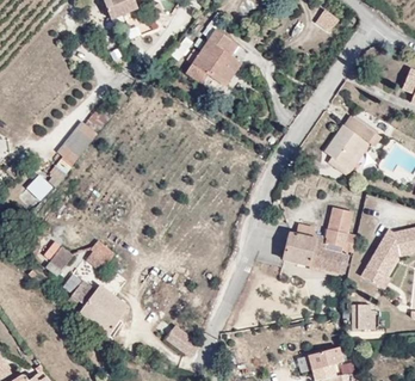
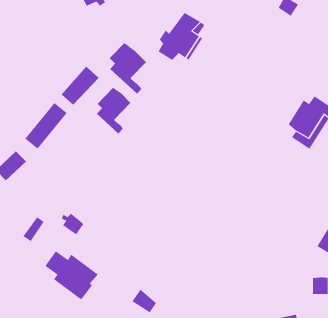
building: none -> [109,42,147,95]
building: none -> [96,87,131,134]
building: [284,204,357,272] -> none

